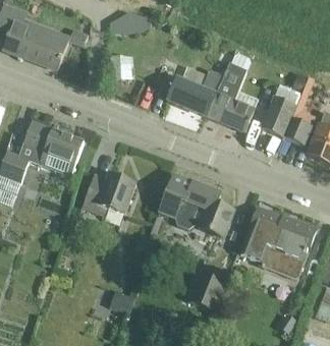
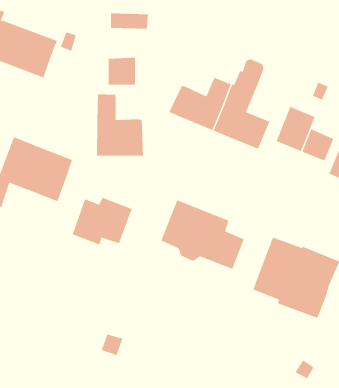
building: none -> [97,94,143,156]
building: [189,266,228,310] -> none

